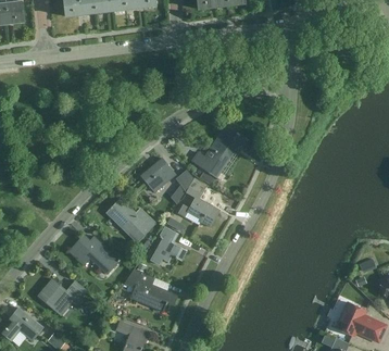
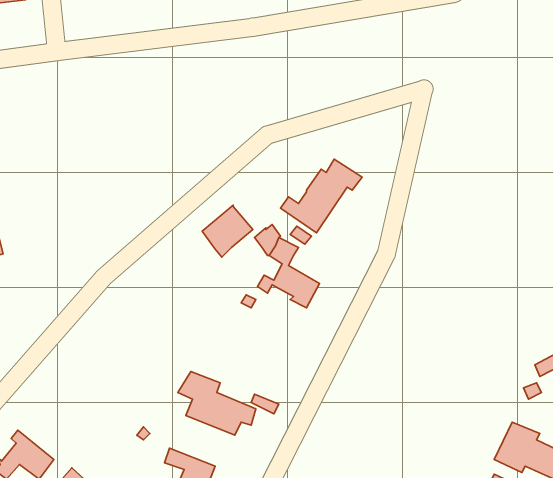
building: [105,199,154,241] -> none
building: [150,226,186,264] -> none
building: [67,234,118,274] -> none
building: [37,279,85,315] -> none

